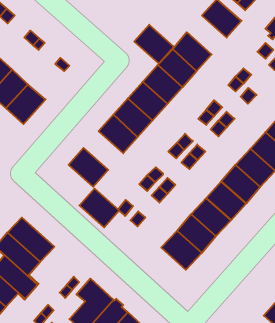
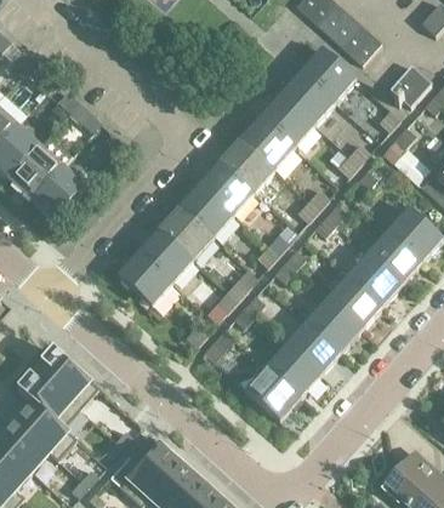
building: [134,25,174,64] -> [280,70,335,124]
building: [79,189,119,227] -> [138,229,193,282]

